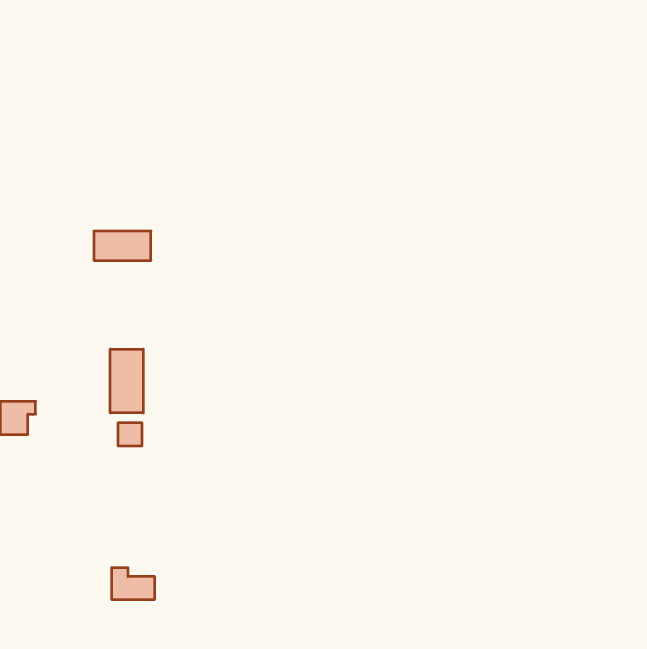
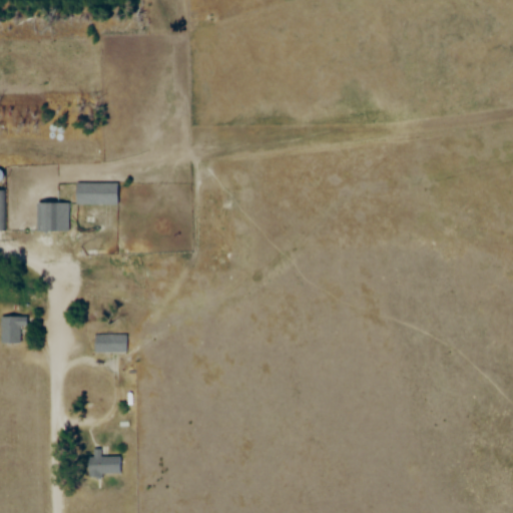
building: none -> [37,202,68,232]
building: [110,349,143,413] -> none

